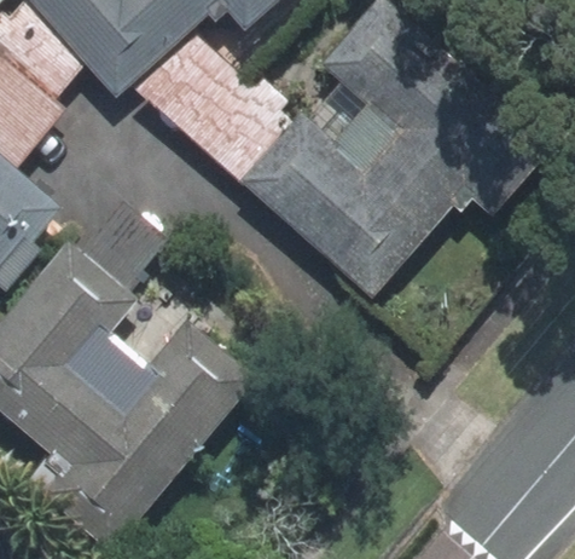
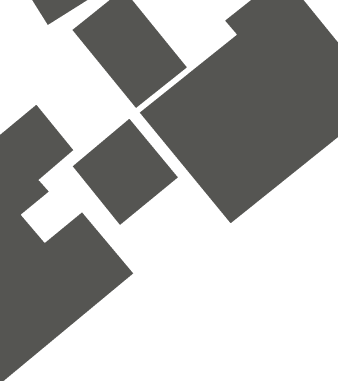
building: none -> [71,118,179,226]

